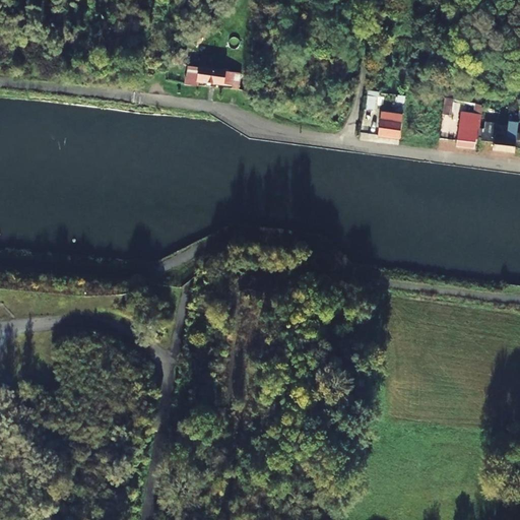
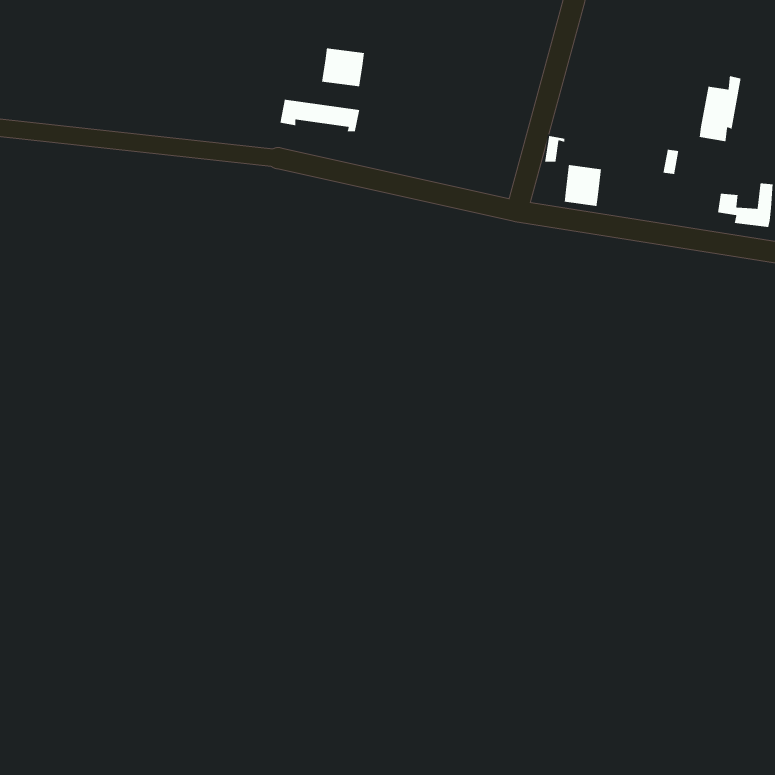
building: none -> [321,47,365,87]
building: [455,104,483,148] -> [699,75,741,142]

